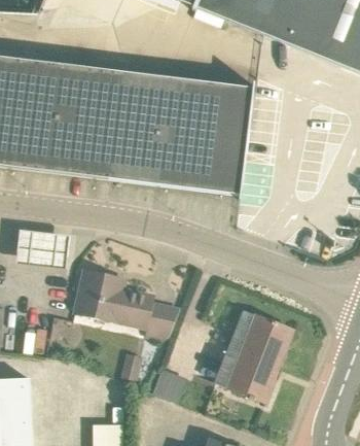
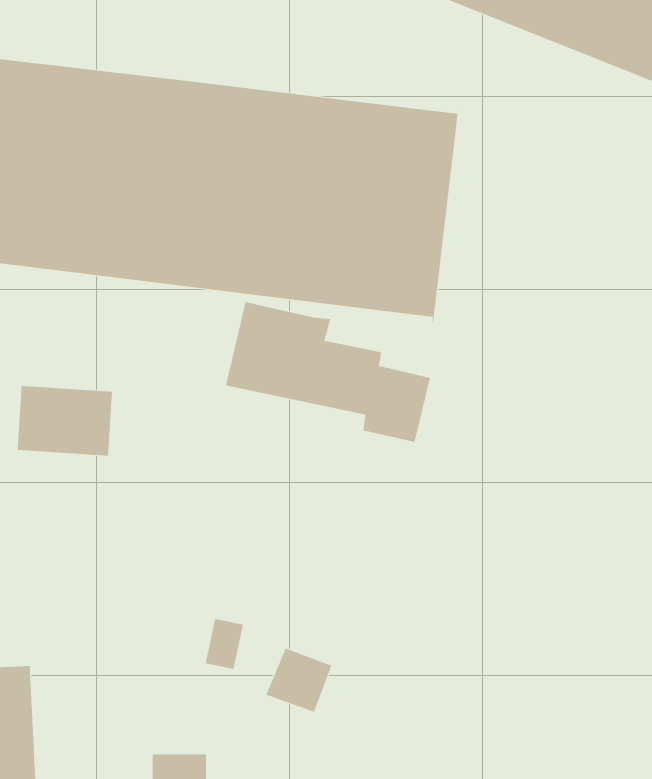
building: [71,268,179,342] -> [225,301,431,442]
building: [213,309,292,401] -> none

